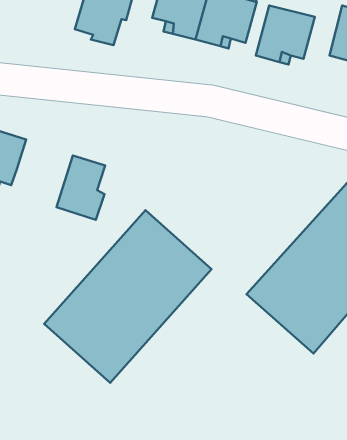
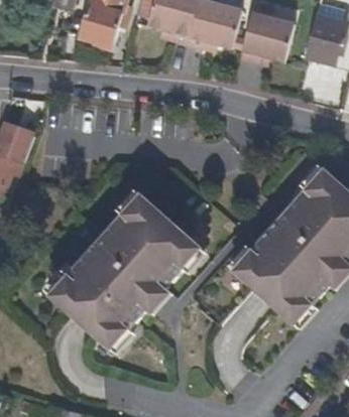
building: [56,155,105,220] -> none

